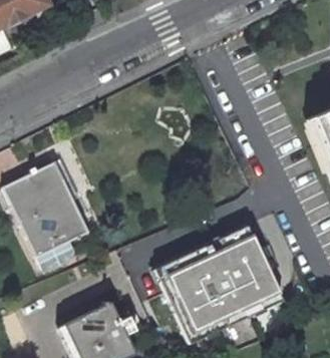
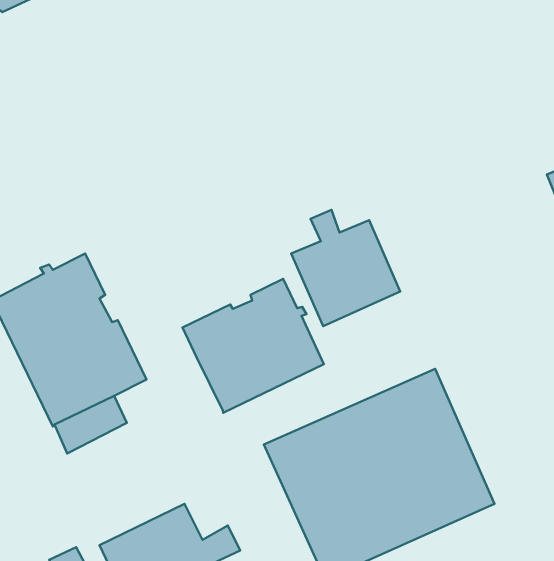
building: none -> [291,210,400,326]
building: none -> [183,279,324,413]

